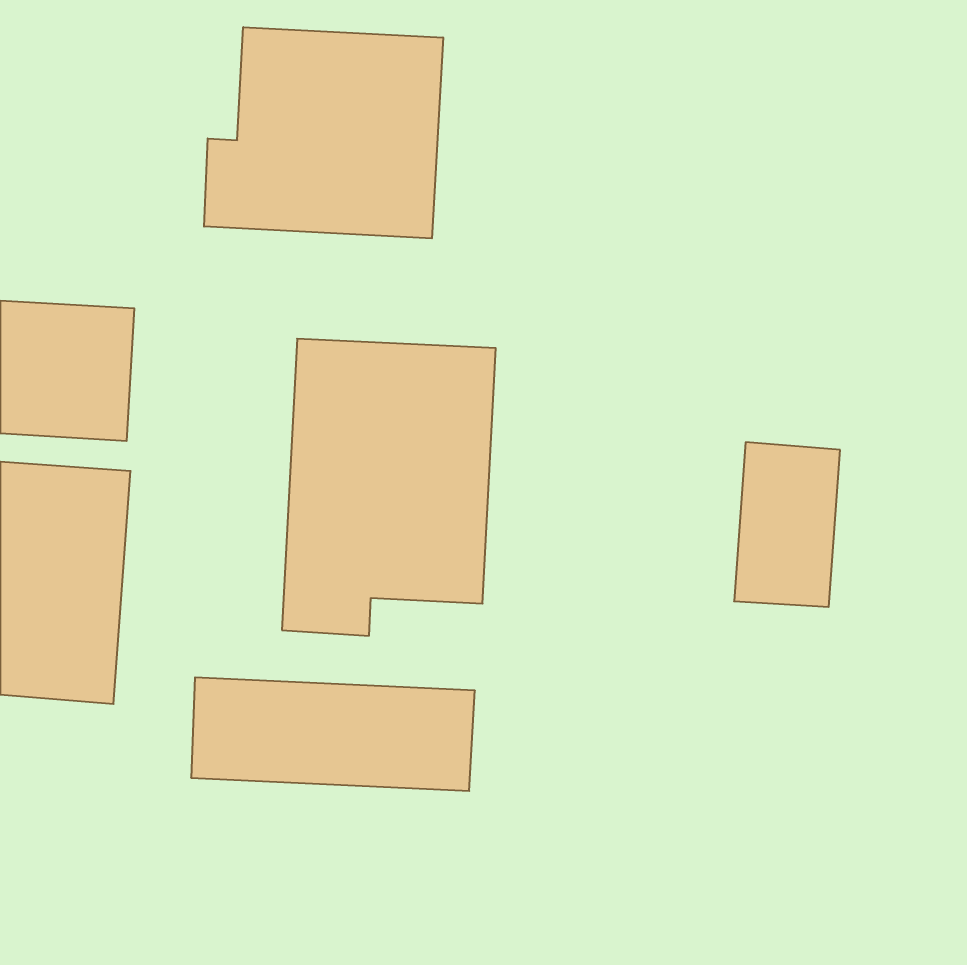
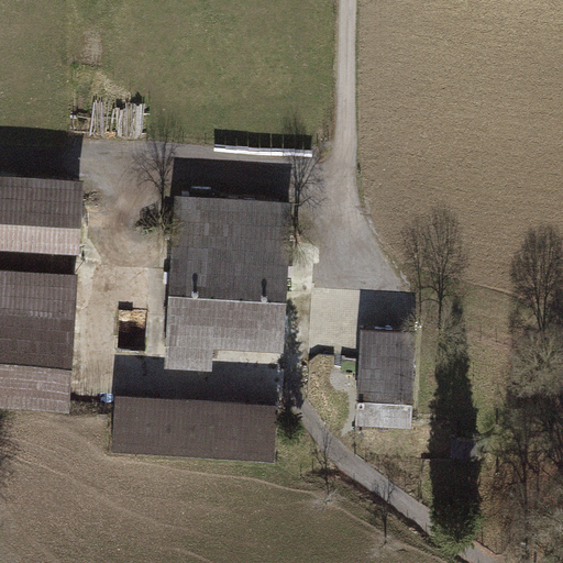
building: [204,27,443,238] -> none
building: [734,442,840,607] -> [353,332,415,428]

